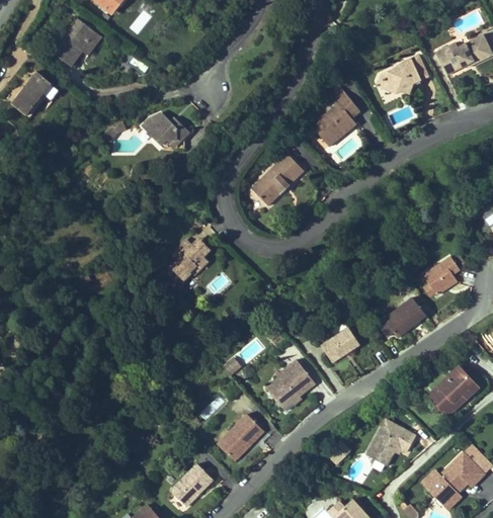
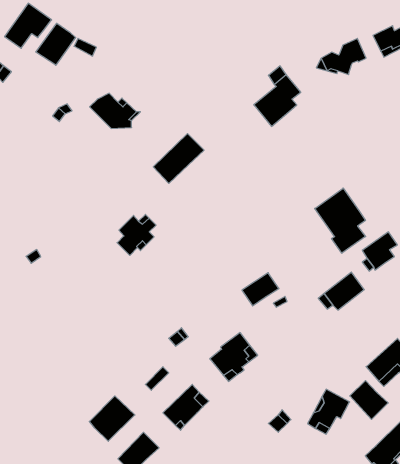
building: none -> [36,23,76,65]
building: [251,154,304,205] -> [153,134,204,183]
building: none -> [315,188,366,253]
building: [321,328,359,362] -> [242,273,279,306]
building: none -> [350,381,388,419]
building: none -> [89,396,135,441]

